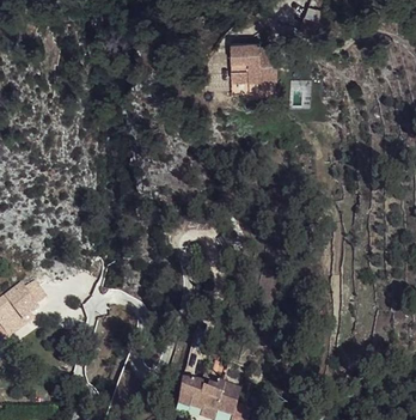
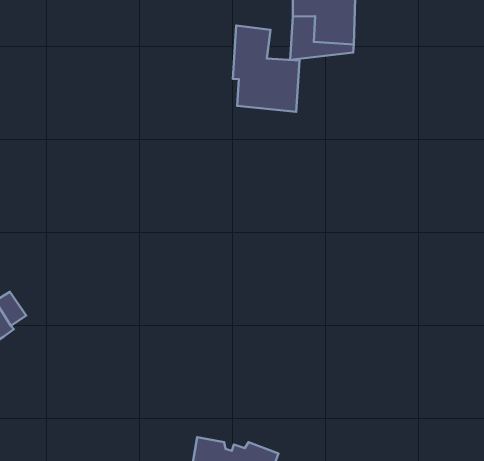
building: none -> [233,26,299,112]

